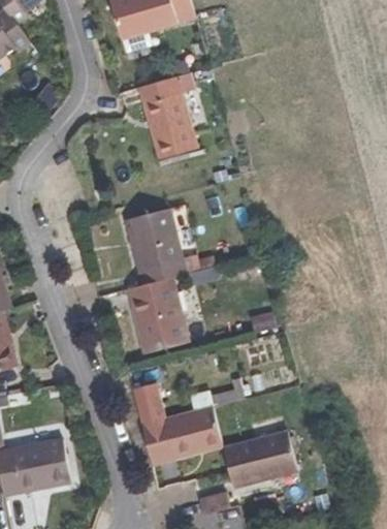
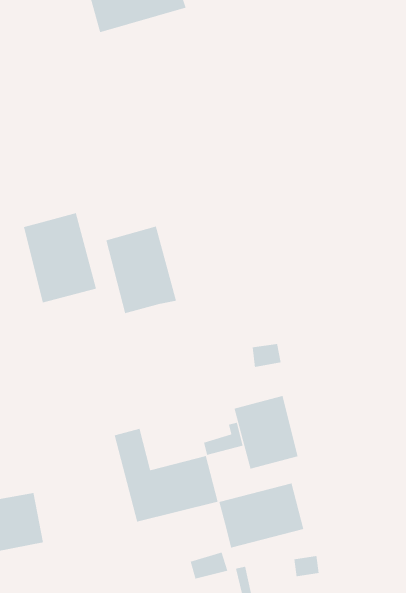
building: [137,70,198,159] -> none
building: [126,275,190,353] -> [23,213,97,303]
building: none -> [234,395,298,469]

